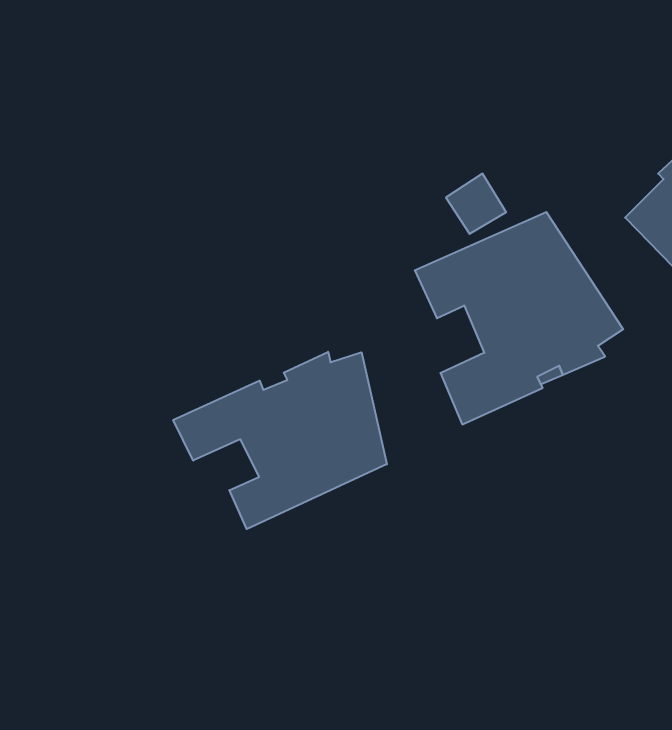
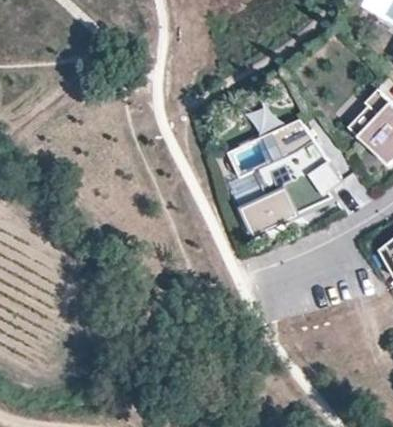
building: [173,352,387,529] -> none

